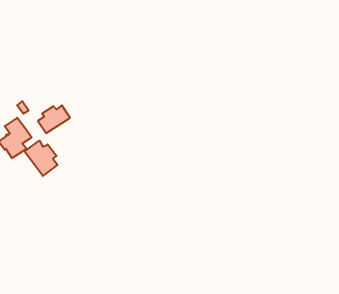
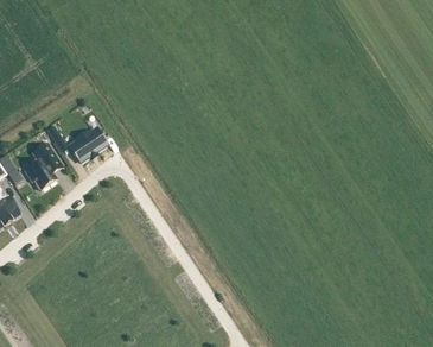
building: [25,141,58,176] -> none

